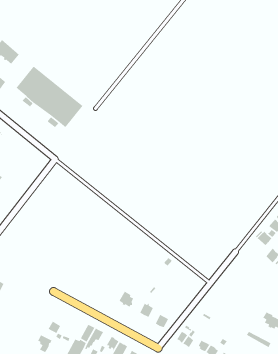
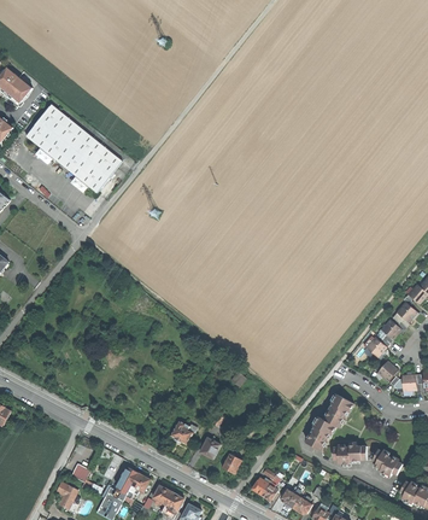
building: none -> [305,393,352,450]
building: none -> [333,444,365,463]

